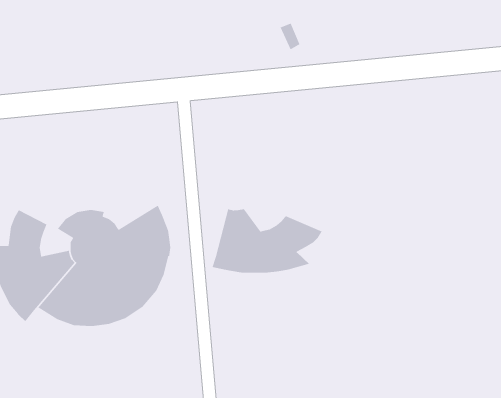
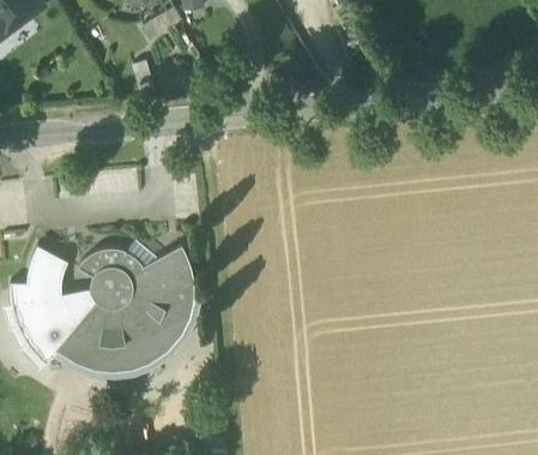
building: [211,208,323,273] -> none

